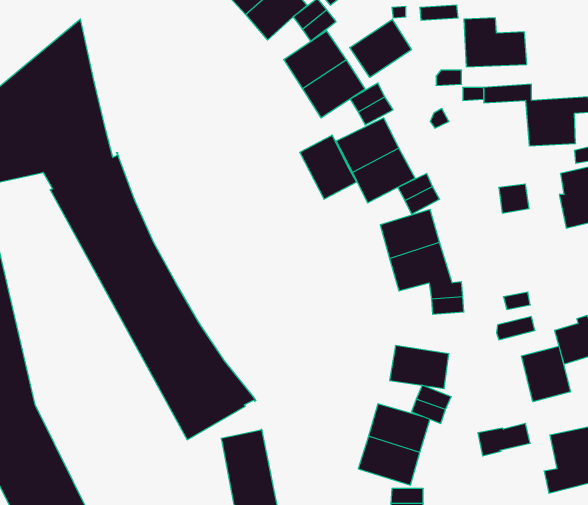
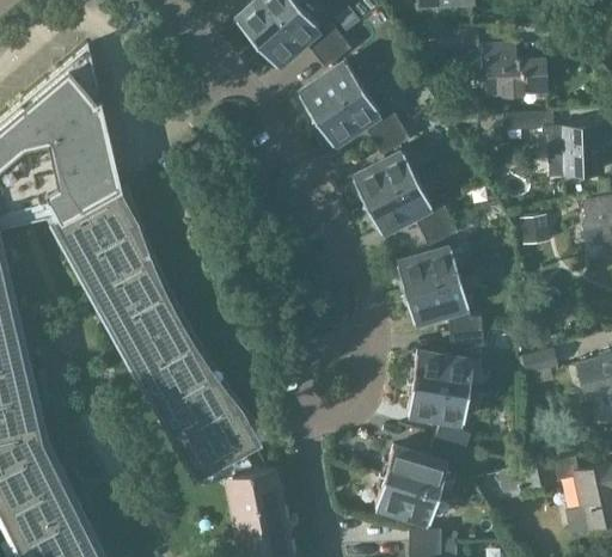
building: [350,19,411,77] -> none
building: [300,135,356,199] -> none
building: none -> [411,349,472,392]
building: [521,346,570,402] -> none

